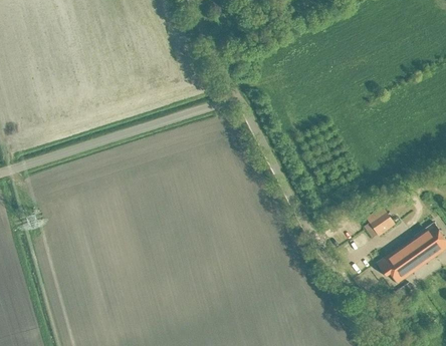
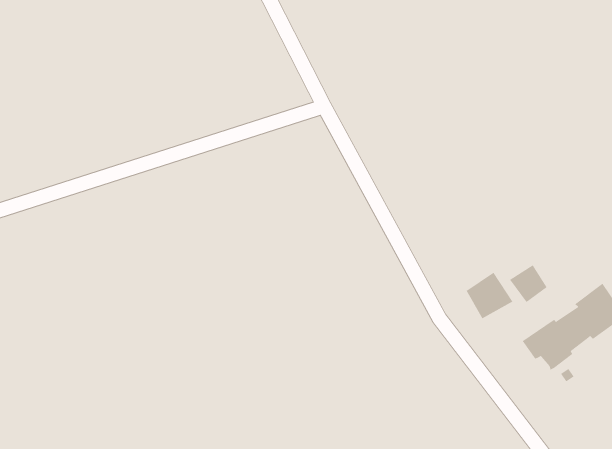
building: none -> [466,272,513,319]

